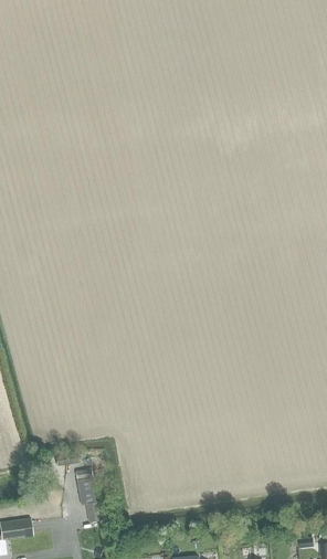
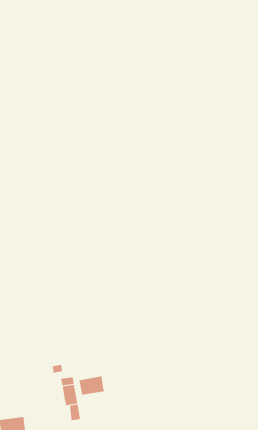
building: none -> [79,376,105,396]

